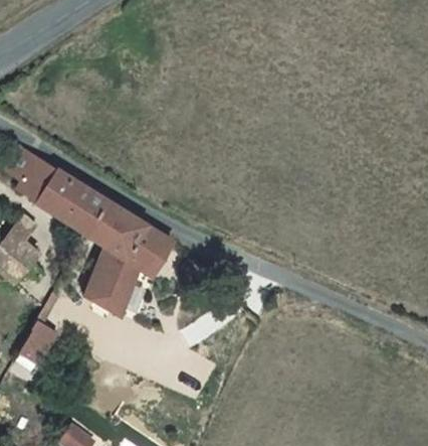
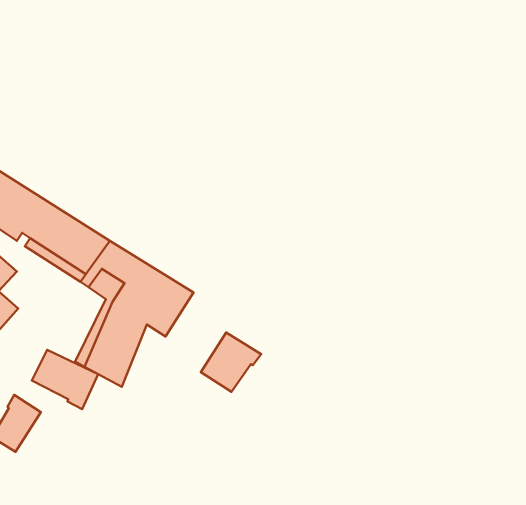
building: none -> [201,332,261,392]
building: none -> [32,350,98,409]

